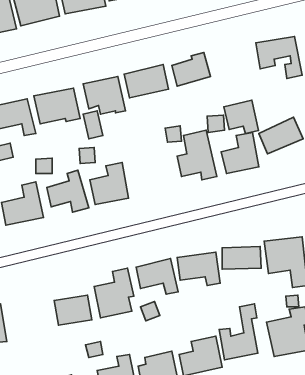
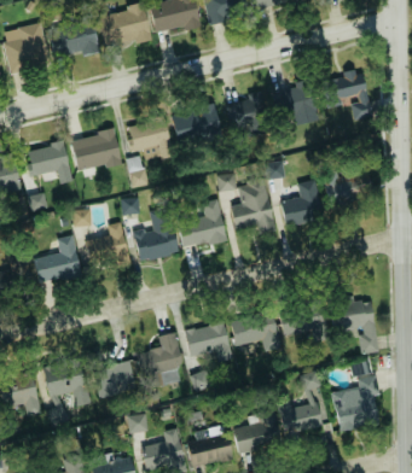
building: [224,100,258,134] -> [275,86,314,123]
building: none -> [176,199,226,249]
building: none -> [43,360,89,425]

